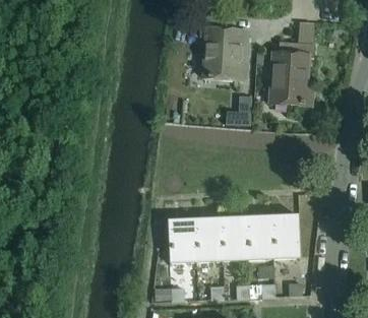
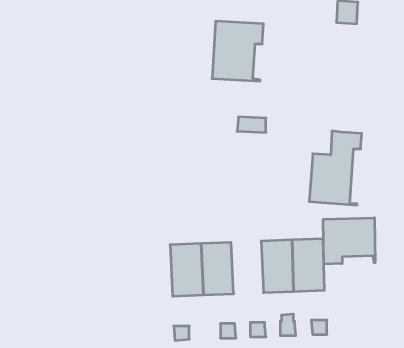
building: [269,41,314,104] -> [309,131,362,205]
building: none -> [323,218,375,264]
building: [220,215,247,260] -> none

